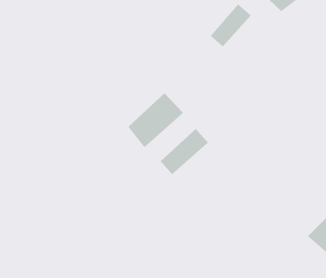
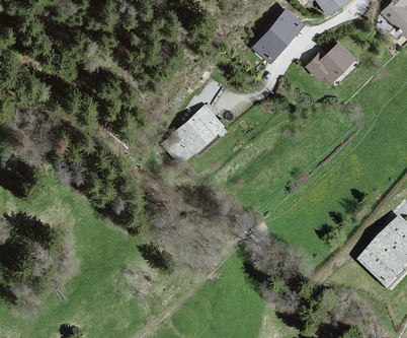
building: none -> [310,41,357,85]
building: [160,128,209,175] -> none

